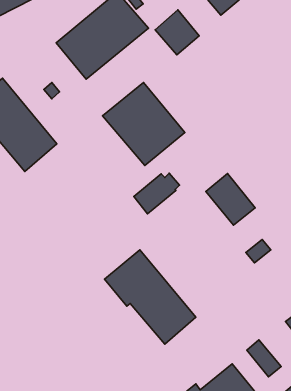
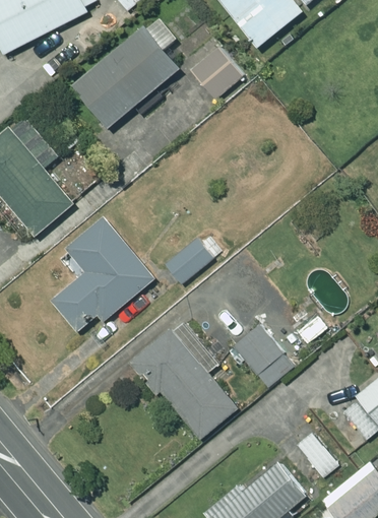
building: [103,83,185,166] -> none
building: none -> [50,216,154,333]
building: [206,173,255,225] -> [234,326,292,387]

